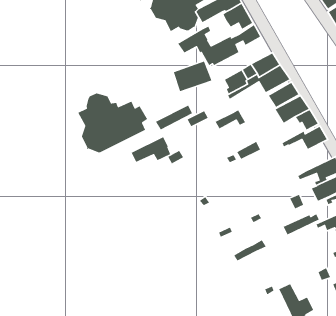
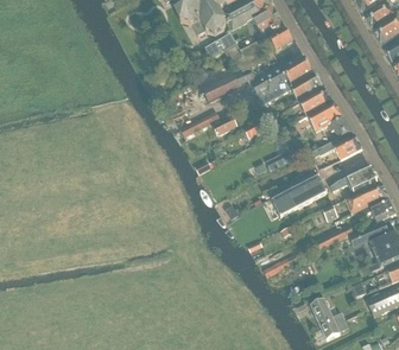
building: [77,92,148,153] -> none
building: [131,136,171,163] -> none
building: none -> [272,171,327,217]

